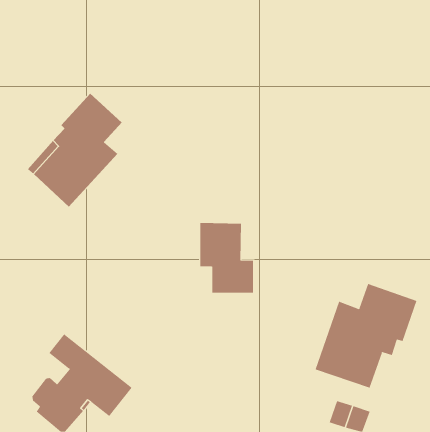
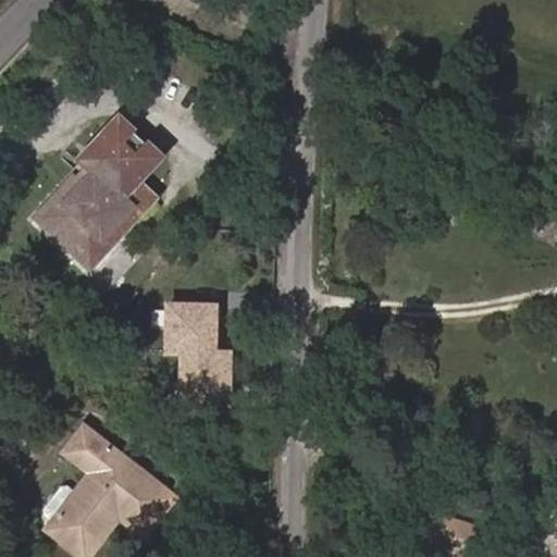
building: [199,223,254,293] -> [162,294,232,384]
building: [315,283,417,389] -> none

